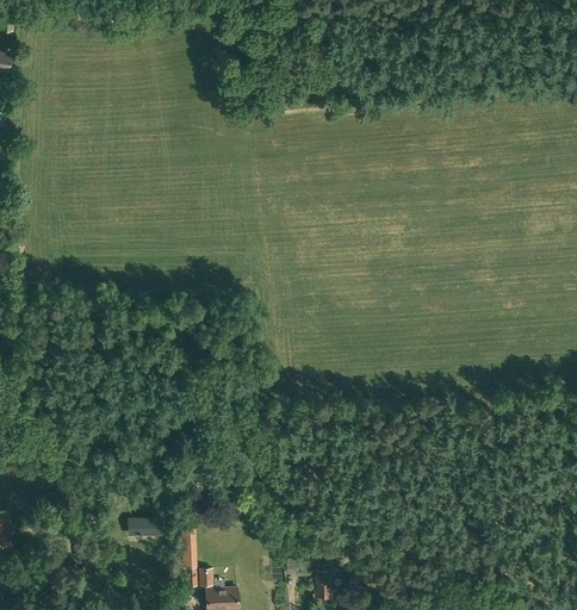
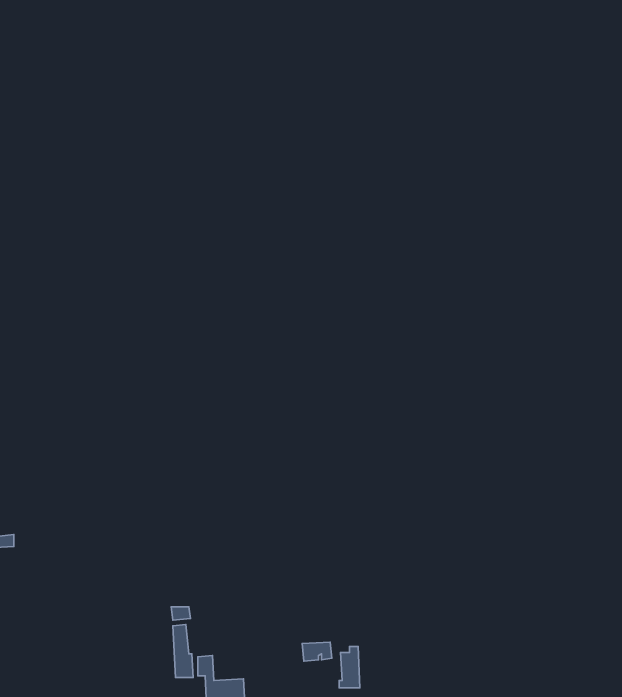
building: [126,518,161,536] -> none

